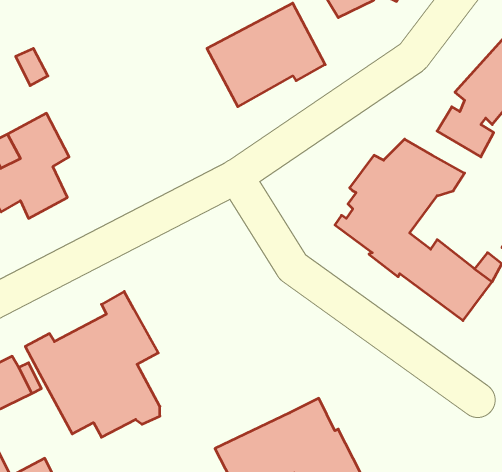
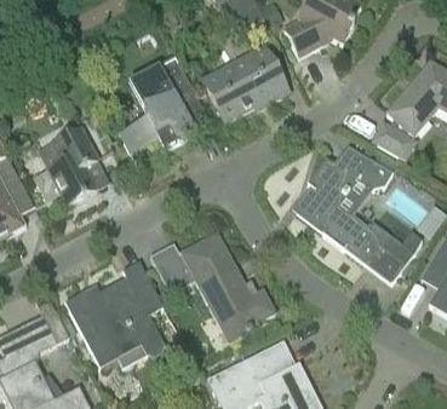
building: none -> [119,57,204,152]
building: none -> [149,234,275,342]

